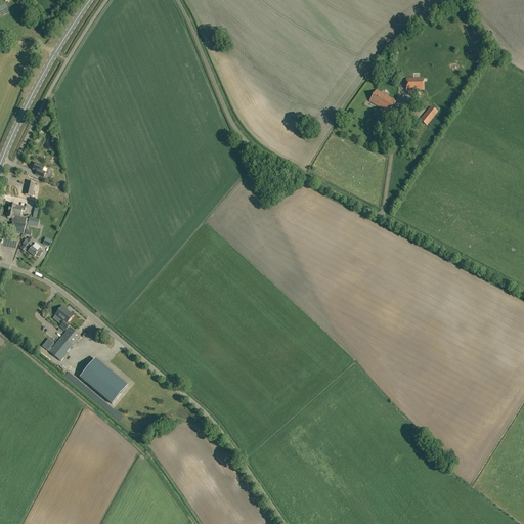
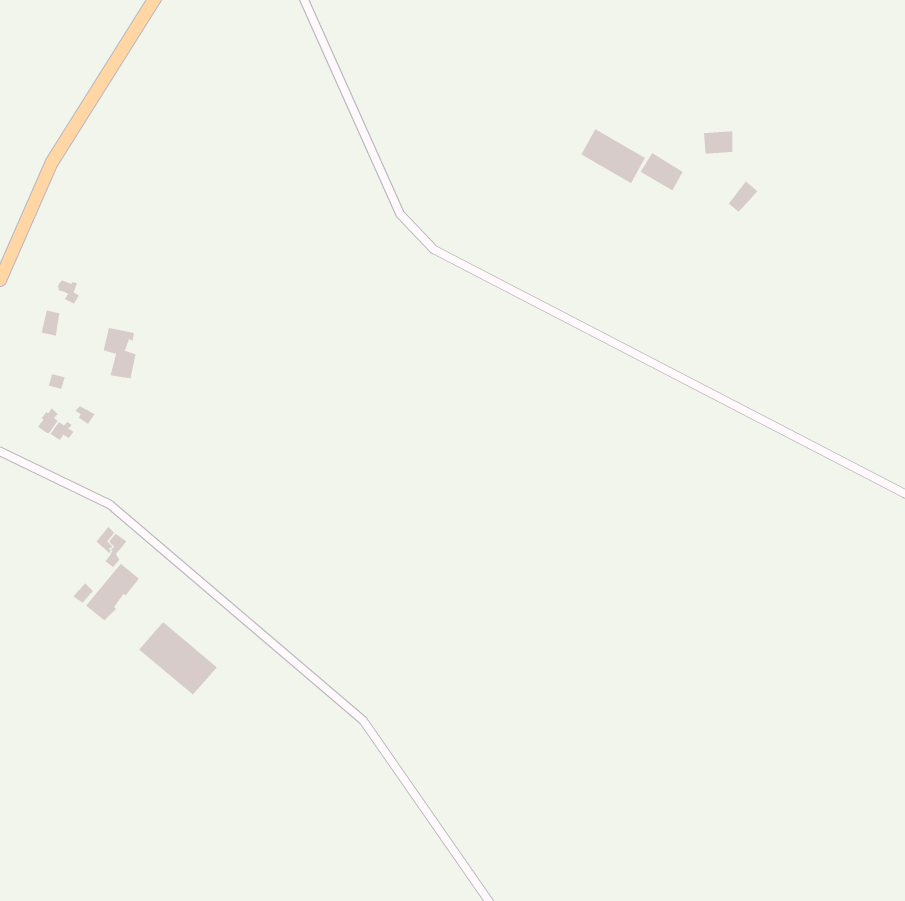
building: none -> [580,128,646,184]
building: [7,202,27,231] -> [103,328,137,379]

